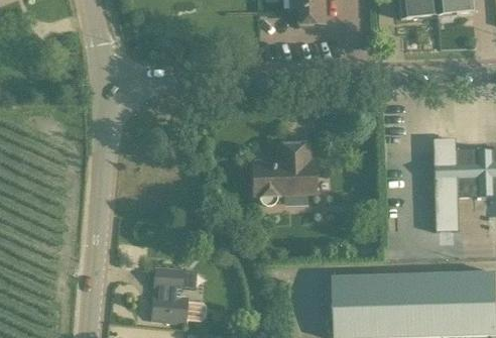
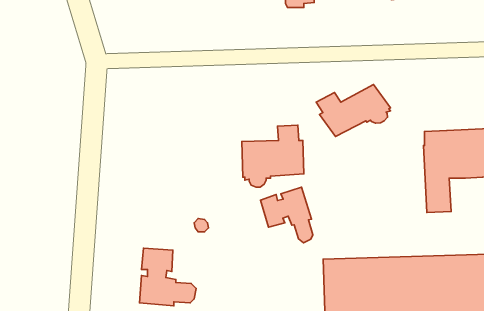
building: none -> [316,84,391,137]
building: none -> [260,187,313,243]

